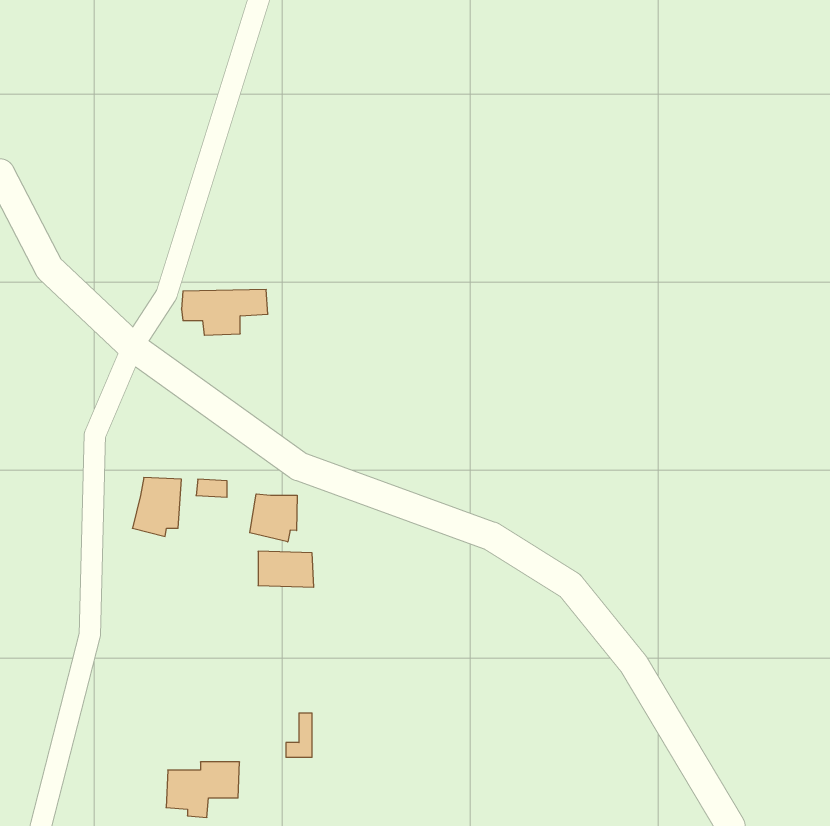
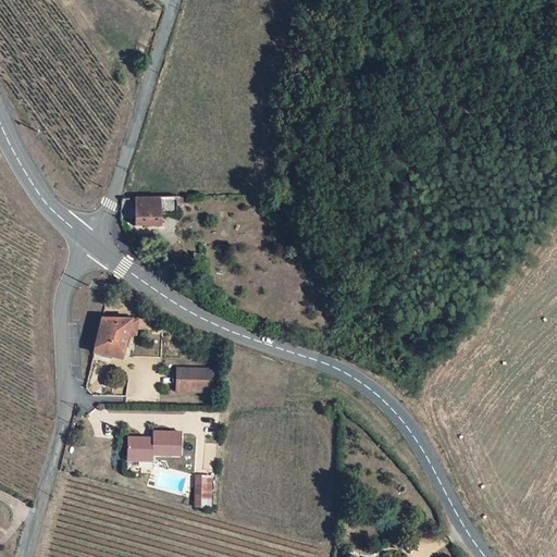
building: [250,494,297,542] -> none
building: [166,762,240,817] -> [129,432,178,469]

